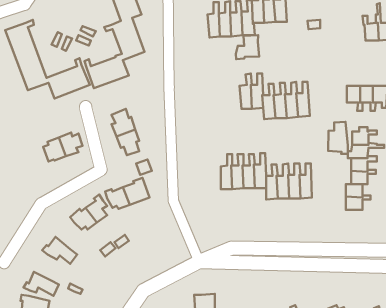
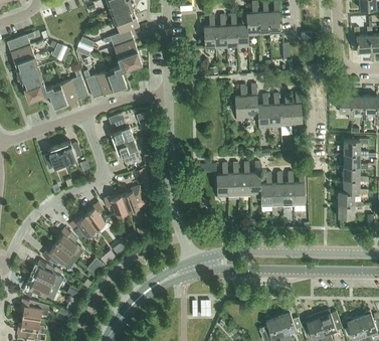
building: [236,35,259,59] -> none
building: [328,122,348,154] -> none
building: none -> [55,228,83,261]
building: none -> [34,261,63,290]

